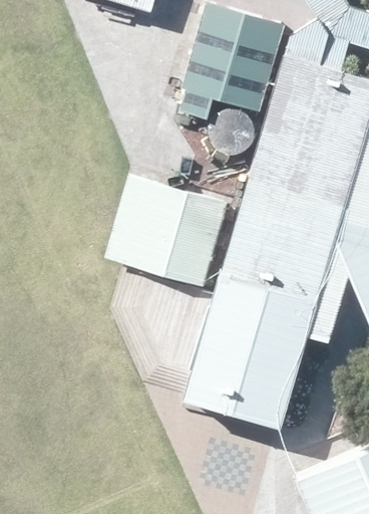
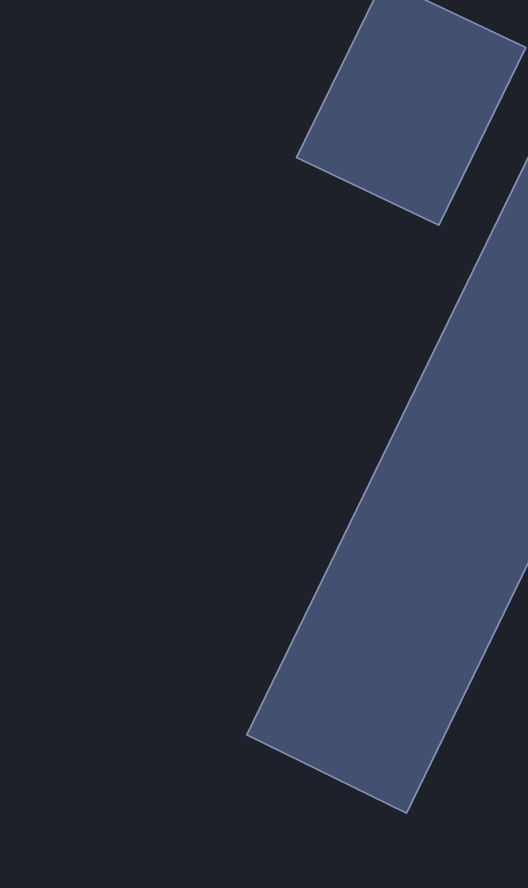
building: [104,168,229,284] -> none

